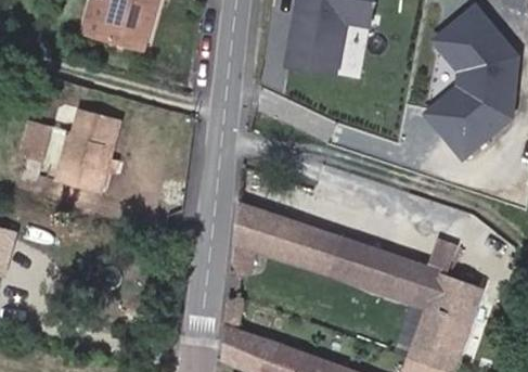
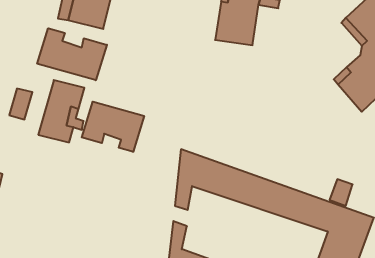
building: none -> [37,28,107,80]
building: none -> [82,102,144,152]

